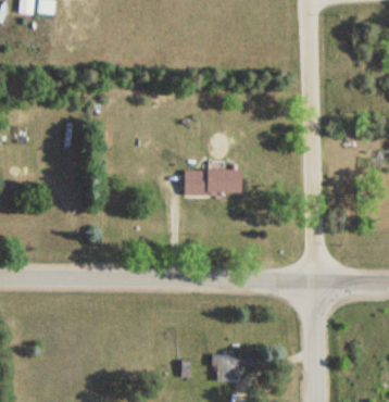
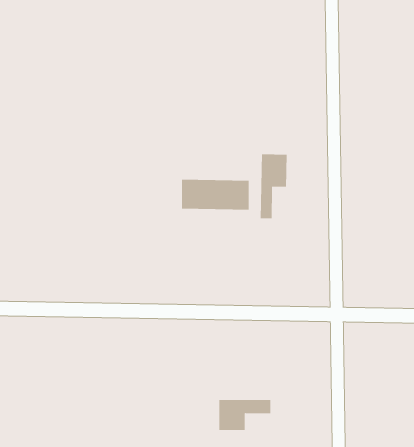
building: none -> [260,154,287,219]

